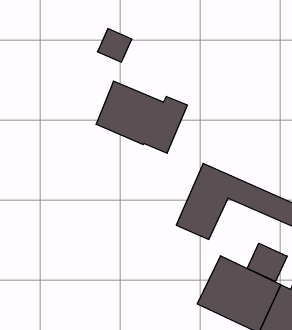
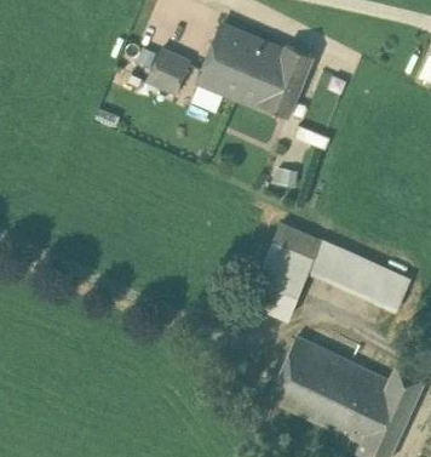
building: [96,81,187,153] -> [199,28,314,119]
building: [247,243,287,281] -> none

